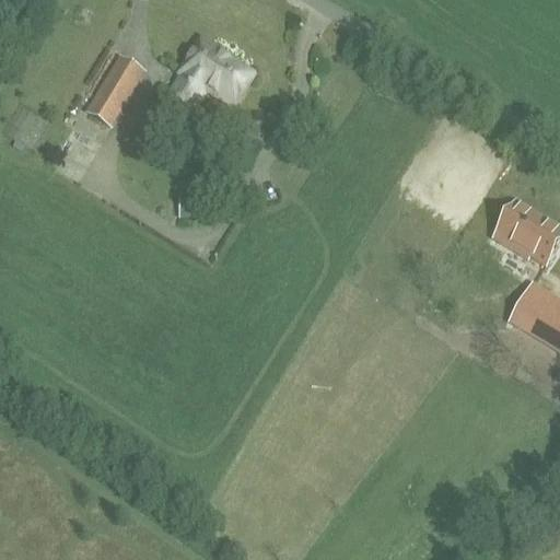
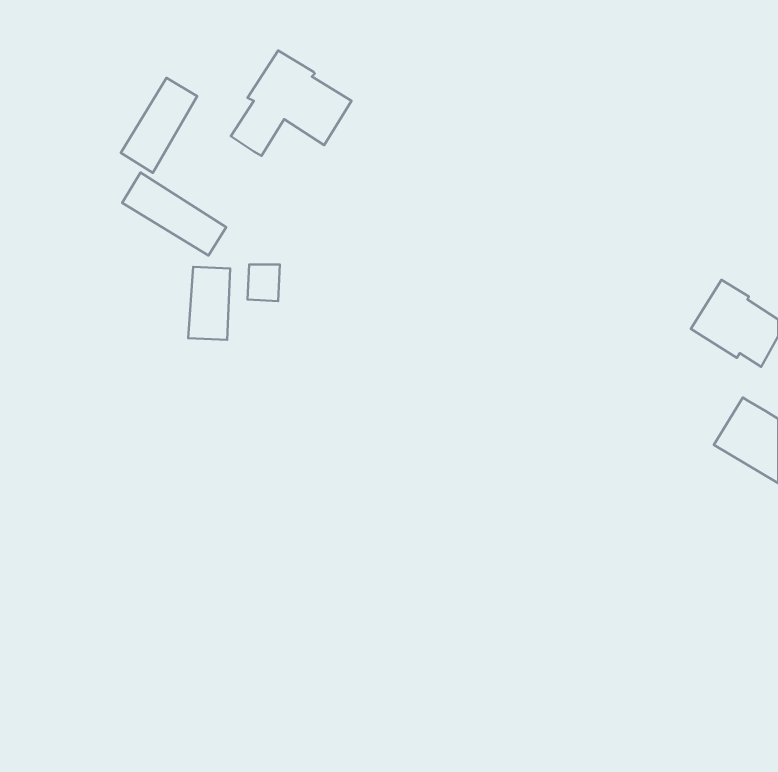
building: none -> [122,172,226,256]
building: none -> [188,267,230,340]

